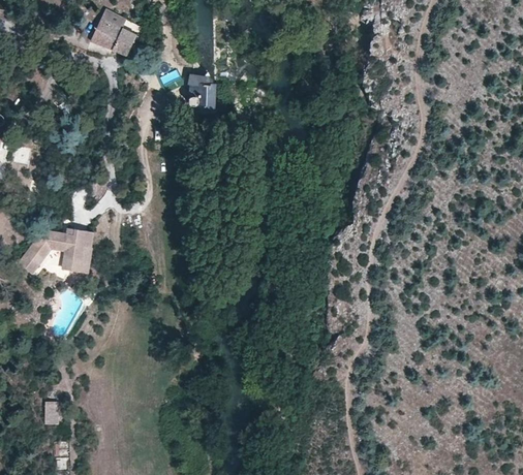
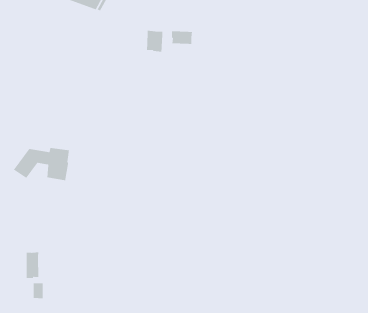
building: none -> [171,30,193,45]
building: none -> [26,252,39,279]

